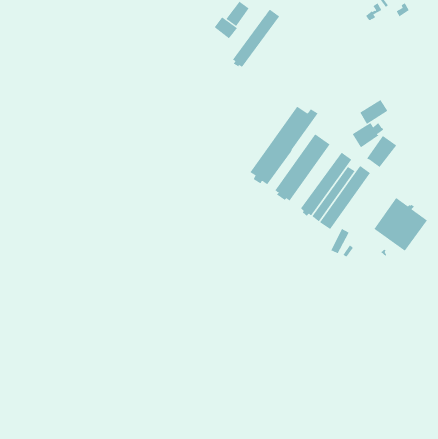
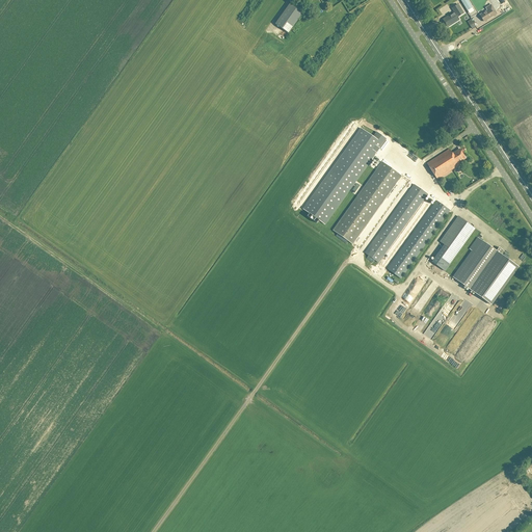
building: [231,8,280,67] -> none
building: [214,17,238,39] -> none
building: [359,99,388,125] -> none
building: [366,135,397,168] -> [436,215,474,255]

